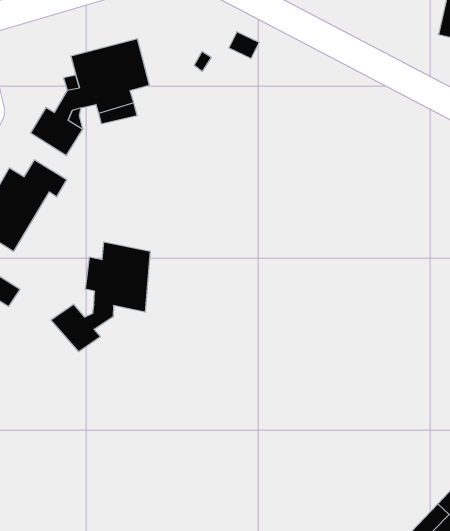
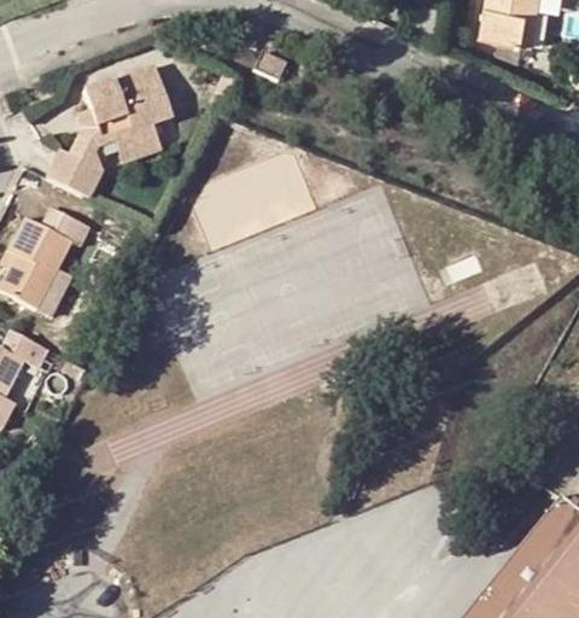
building: [51,242,150,352] -> none

